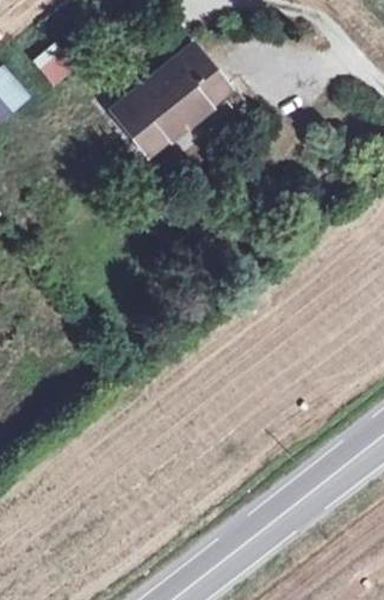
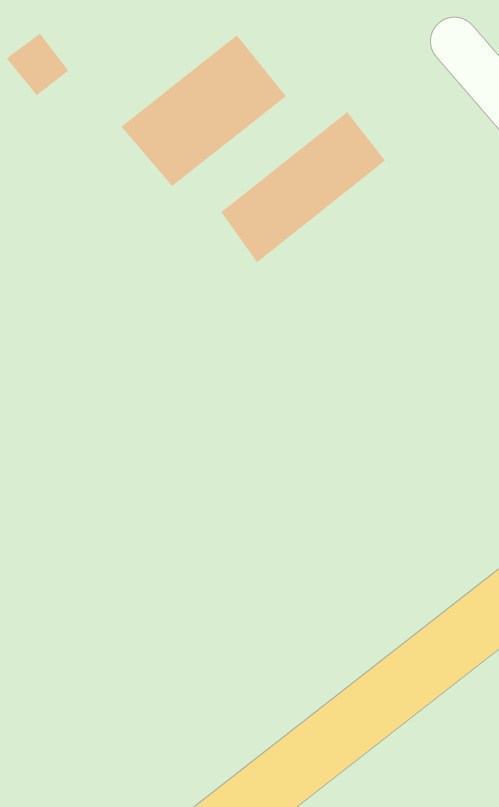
building: none -> [221,111,386,263]

